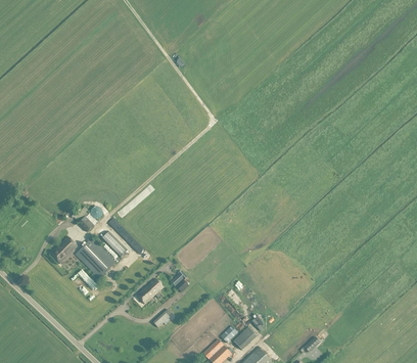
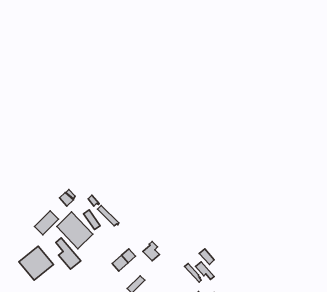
building: none -> [19,246,53,280]

